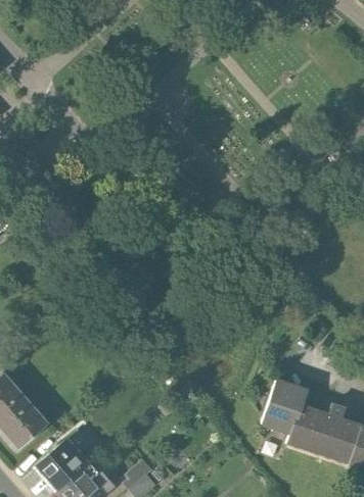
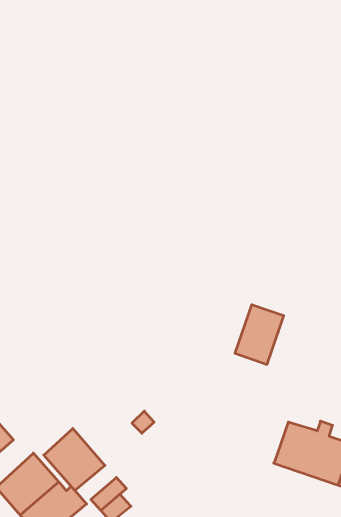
building: [261,380,306,435] -> [235,305,284,364]
building: none -> [44,428,105,490]

